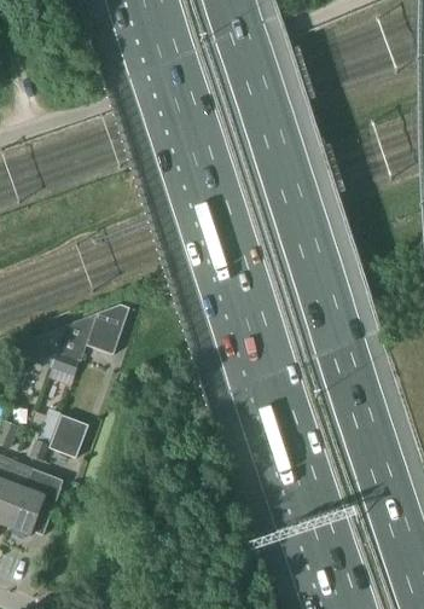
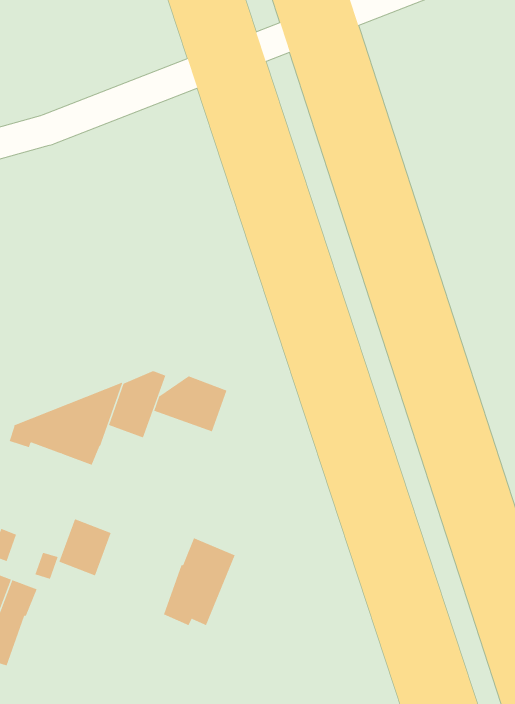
building: none -> [153,376,227,432]
building: [10,468,64,534] -> [163,538,235,626]

